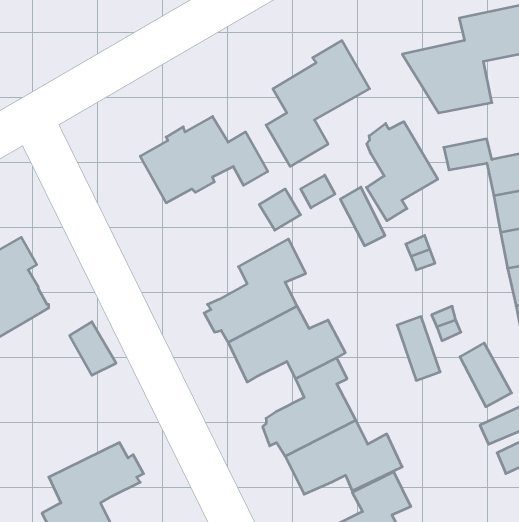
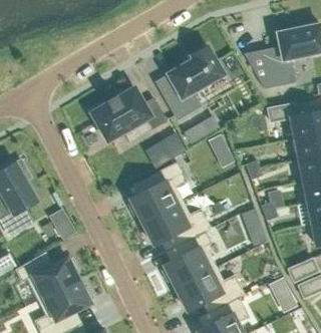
building: [366,122,438,221] -> none
building: [460,343,512,407] -> [267,274,297,311]
building: none -> [14,256,78,300]

